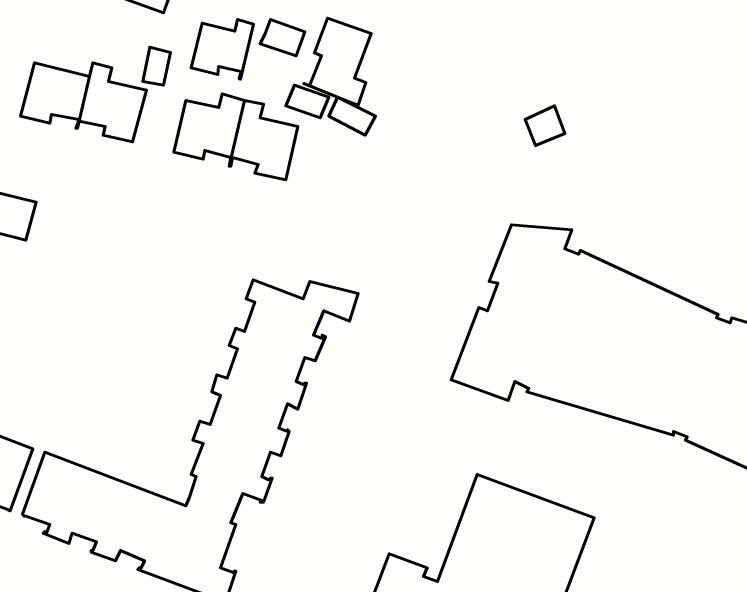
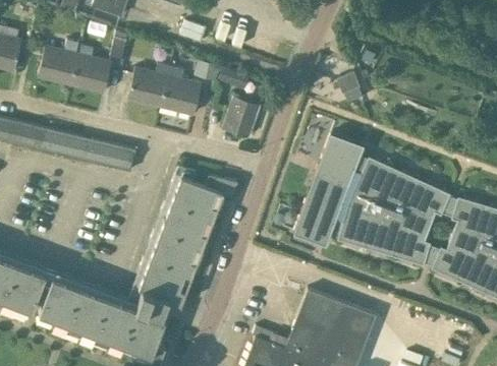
building: [304,18,371,105] -> none
building: [191,19,254,79] -> none
building: none -> [224,97,260,137]
building: none -> [41,128,136,172]

